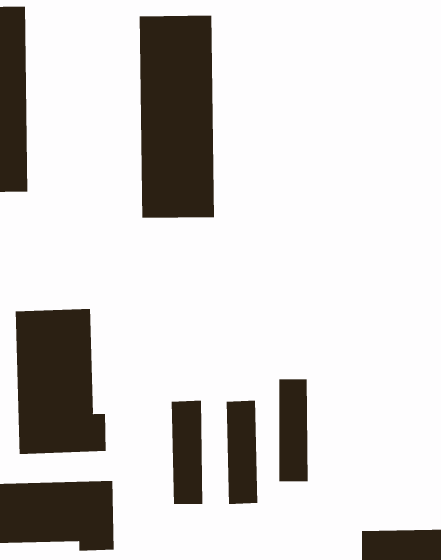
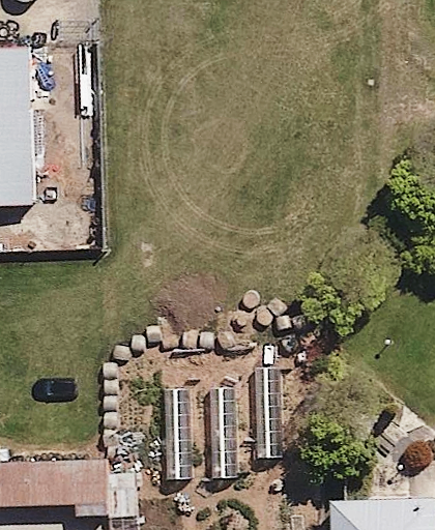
building: [139,15,215,219] -> none
building: [15,308,106,455] -> none

